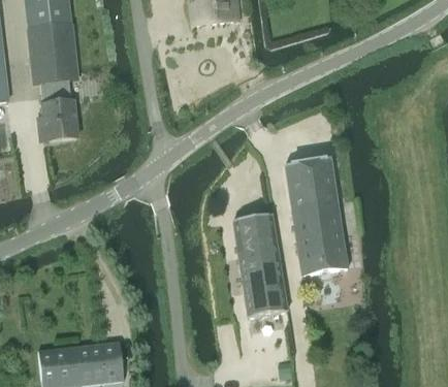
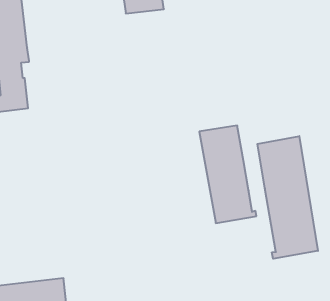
building: none -> [257,136,318,259]
building: [232,214,287,315] -> none

